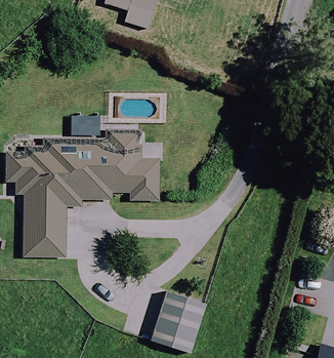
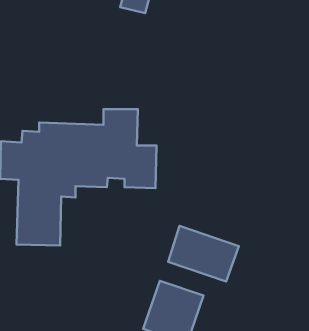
building: none -> [168,226,239,282]

